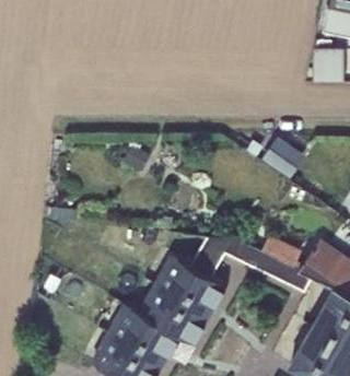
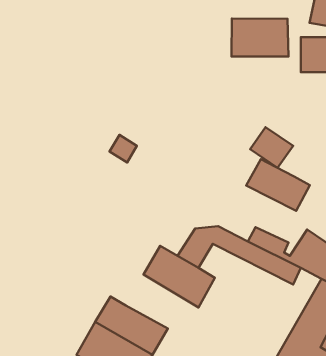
building: none -> [232,18,289,56]
building: none -> [246,159,310,211]
building: [139,283,211,345] -> none

